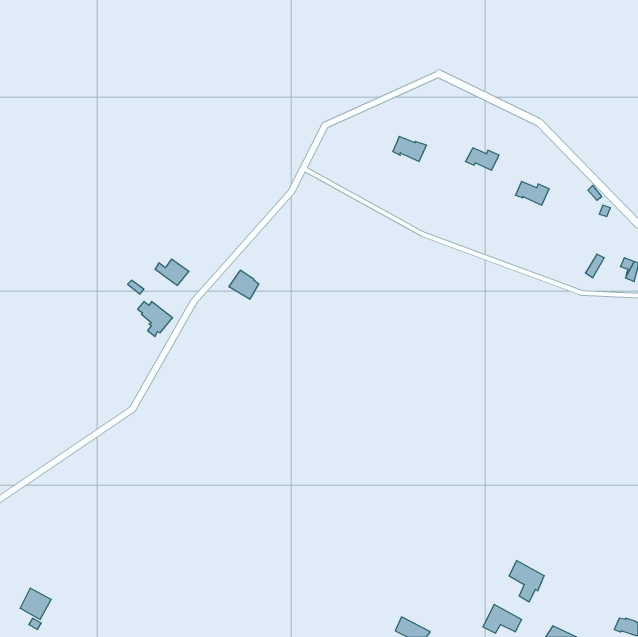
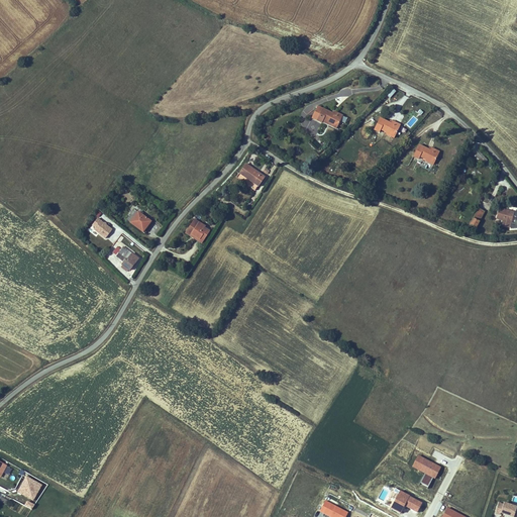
building: none -> [238,165,268,191]

